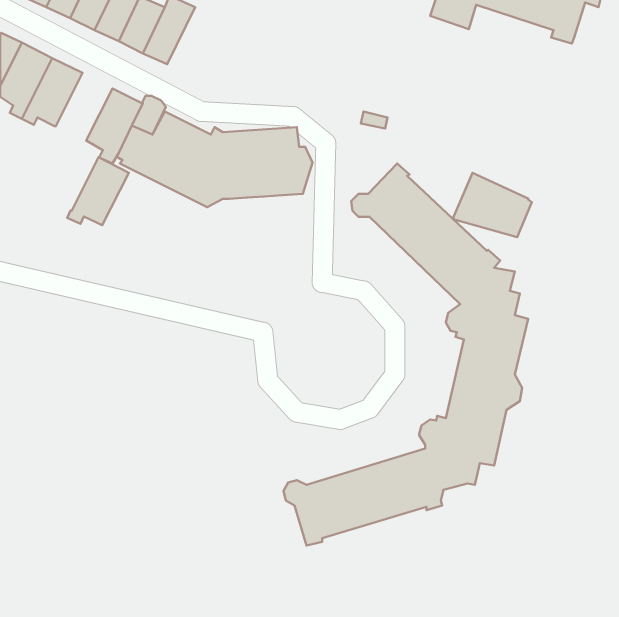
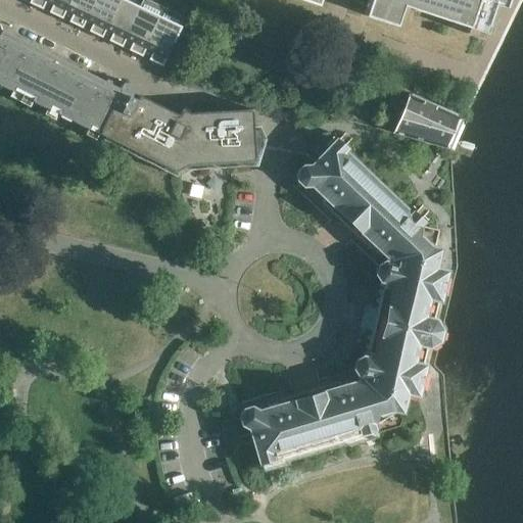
building: none -> [141,6,184,63]
building: [67,157,129,225] -> [43,61,95,118]
building: [453,173,532,237] -> [391,92,458,146]

